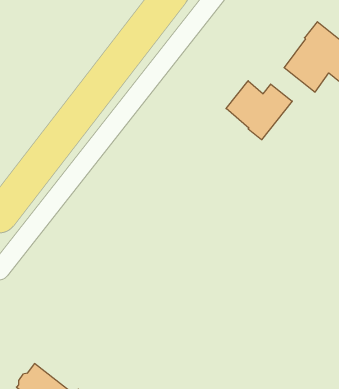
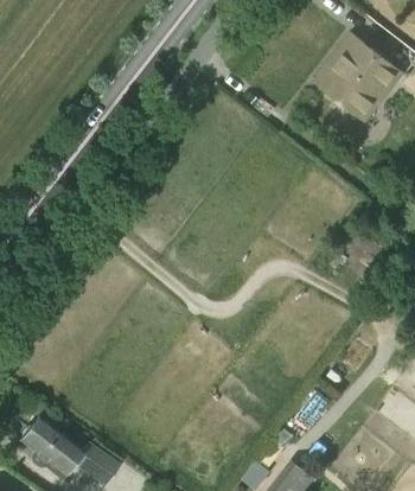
building: [226,81,292,140] -> none

